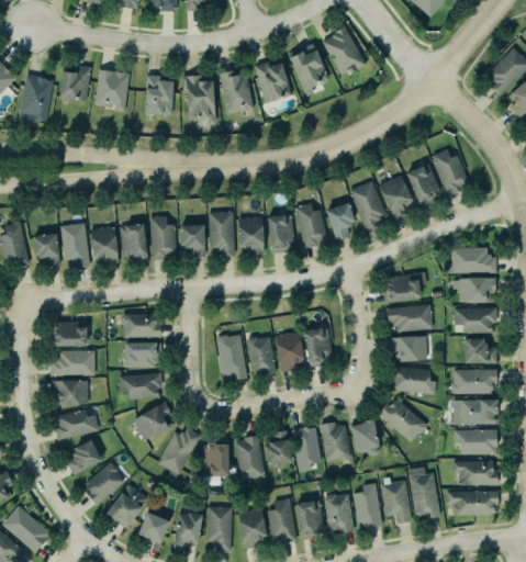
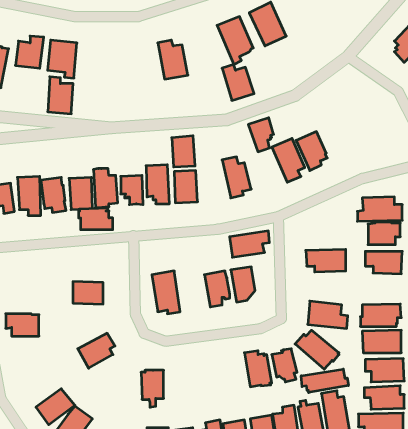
building: [255,61,291,102] -> [222,64,254,100]
building: [144,75,172,116] -> [48,77,73,114]
building: [187,76,216,121] -> none
building: [429,148,467,194] -> none
building: [405,162,438,206] -> none
building: [324,201,352,239] -> [248,118,274,152]
building: [269,215,295,250] -> [172,136,195,167]
building: [380,271,425,301] -> [230,231,269,257]
building: [121,312,159,336] -> [79,208,113,230]
building: [52,322,88,347] -> none
building: [245,334,275,374] -> none
building: [391,336,428,362] -> none
building: [462,337,495,362] -> none
building: [51,351,97,376] -> none
building: [117,371,160,400] -> none
building: [54,408,98,439] -> none
building: [294,427,321,472] -> none
building: [156,428,200,475] -> none
building: [267,431,291,464] -> none
building: [233,434,265,480] -> none
building: [68,440,103,475] -> none
building: none -> [301,369,348,393]

